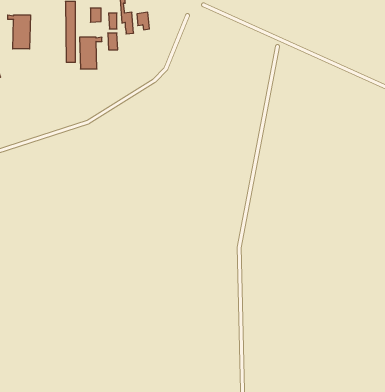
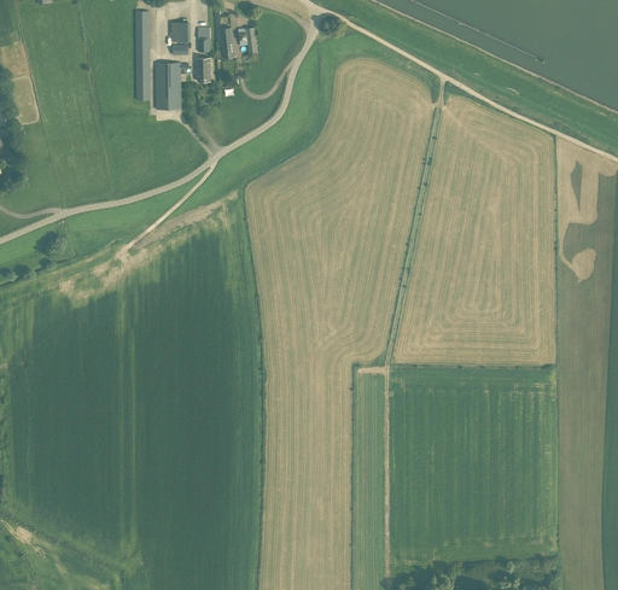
building: [8,15,30,49] -> none

